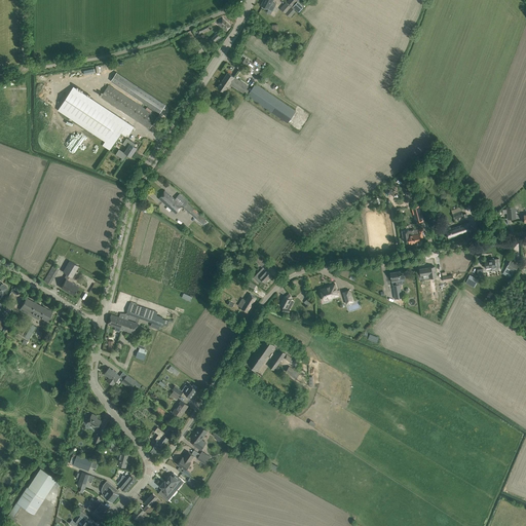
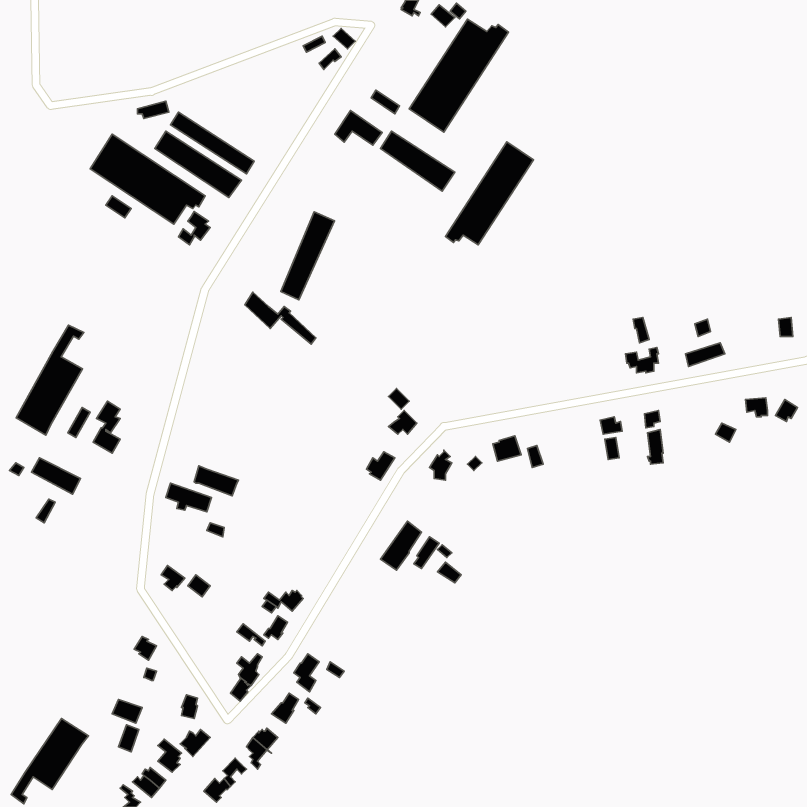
building: none -> [409,19,509,132]
building: none -> [445,142,534,245]
building: none -> [281,212,335,300]
building: none -> [16,325,84,435]

